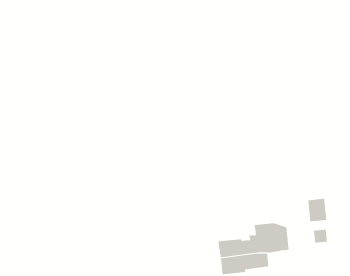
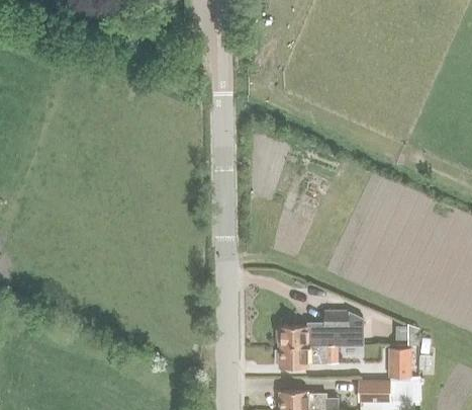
building: [307,198,327,222] -> [389,349,410,376]

